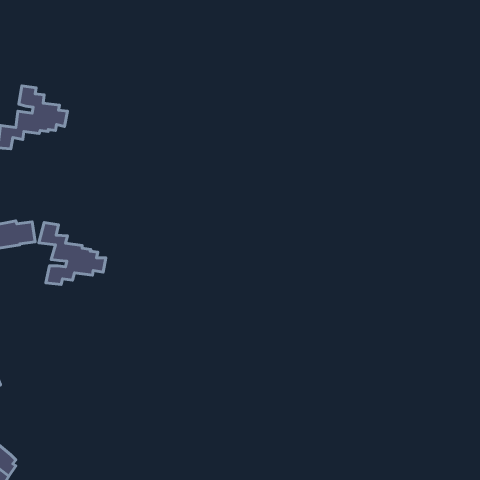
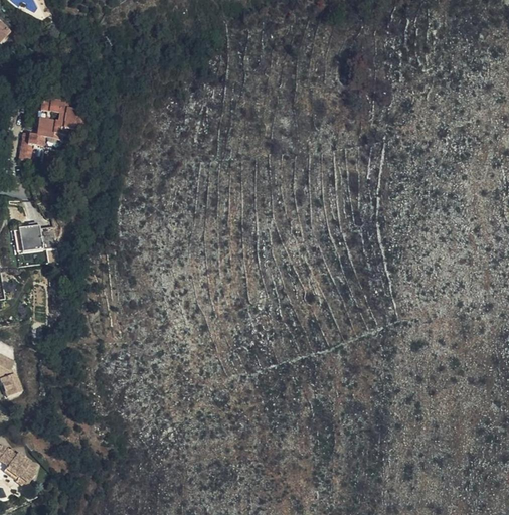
building: [39,222,106,284] -> none

